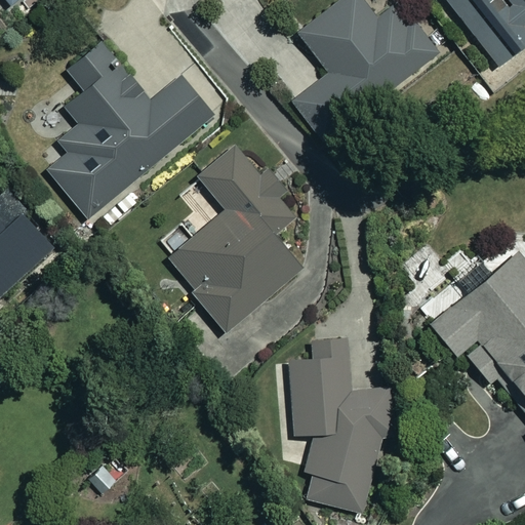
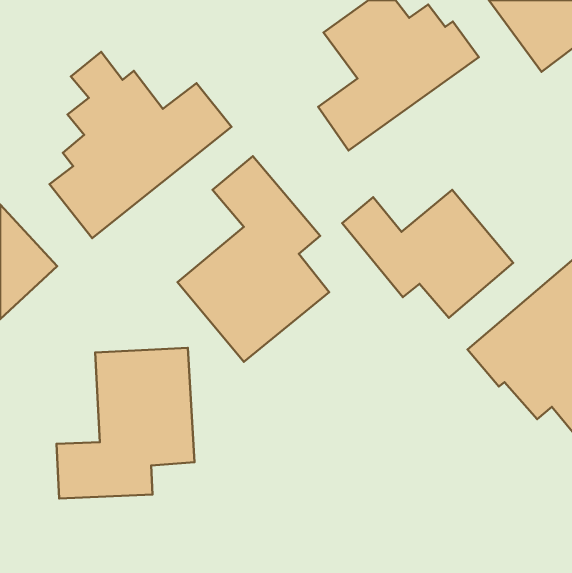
building: none -> [342,190,513,318]
building: none -> [56,348,195,498]
building: [289,334,398,514] -> none

